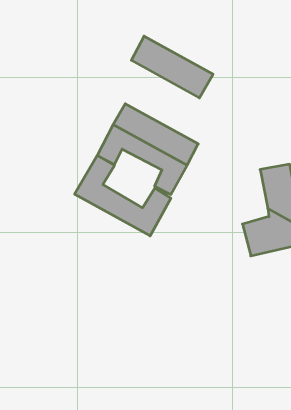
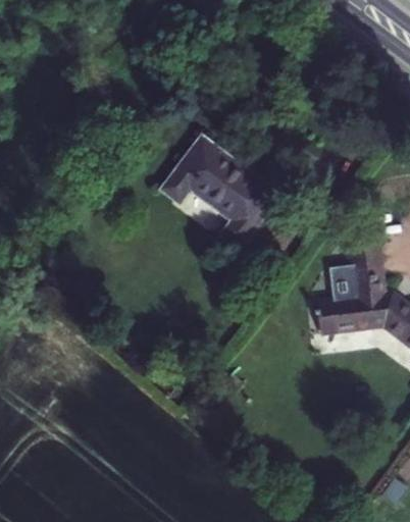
building: [131,36,213,98] -> none
building: [75,155,171,236] -> none

